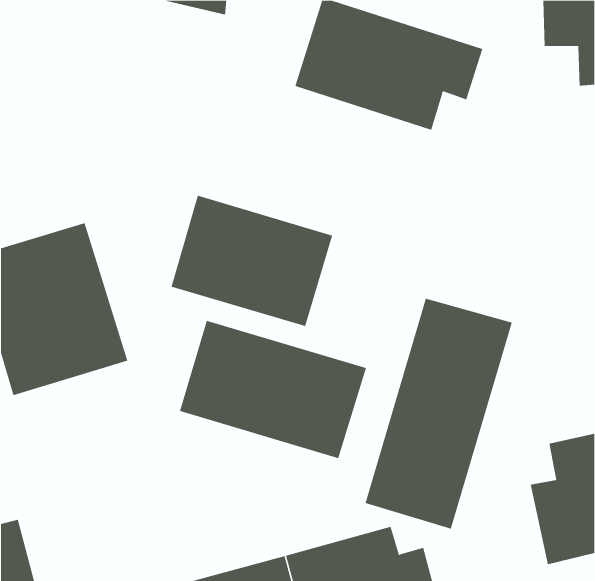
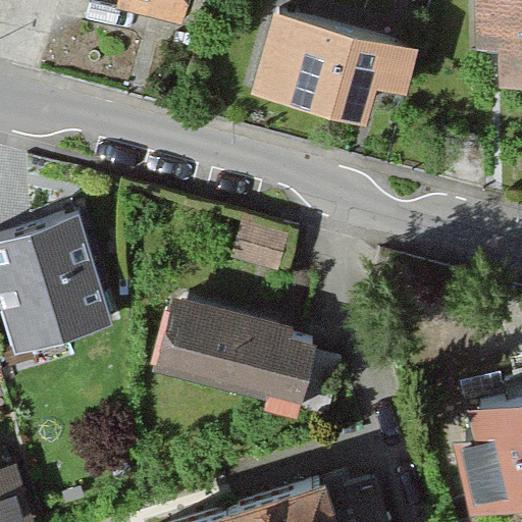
building: [171,195,333,327] -> none
building: [365,298,513,530] -> none

